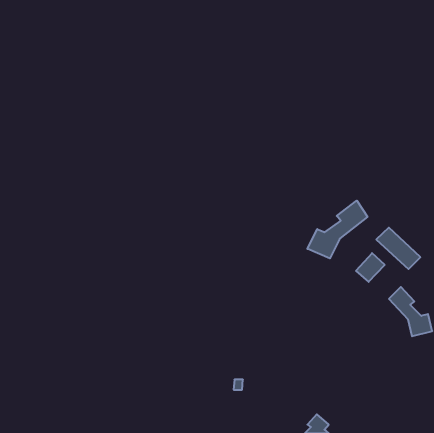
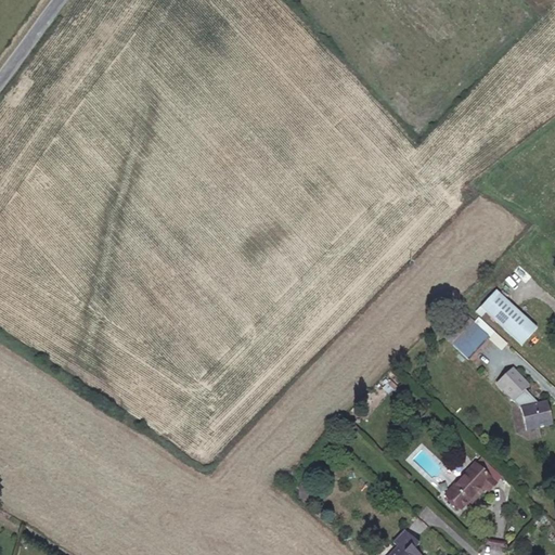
building: [307,201,367,258] -> none
building: none -> [444,462,496,508]

